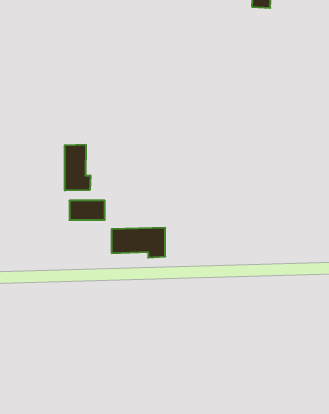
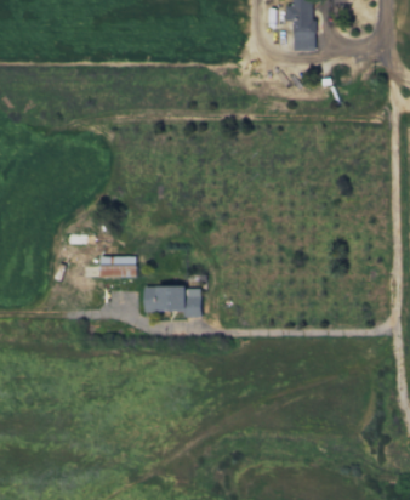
building: [65,145,90,191] -> none

